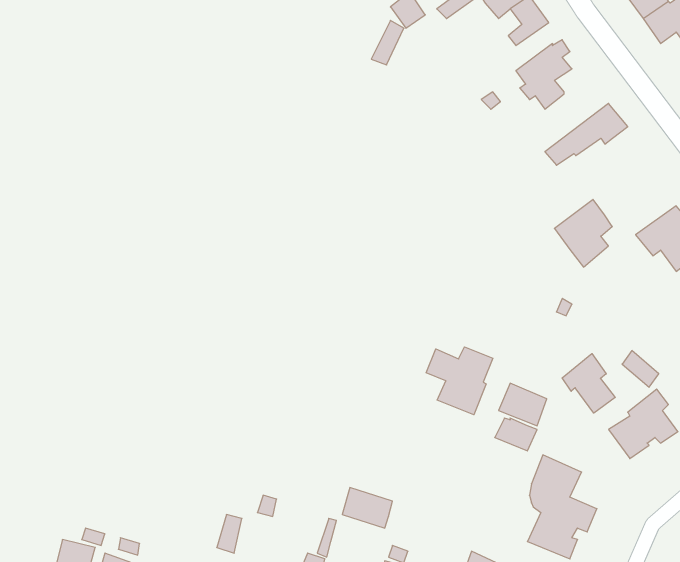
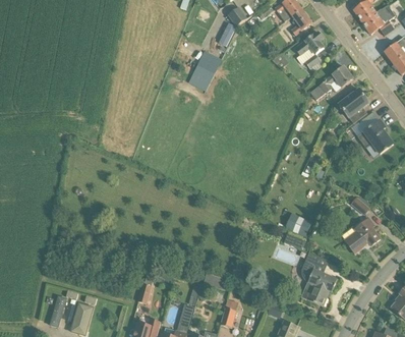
building: none -> [188,49,221,89]
building: [554,199,612,267] -> [338,88,368,123]
building: [426,347,493,415] -> none
building: [562,354,615,413] -> none

